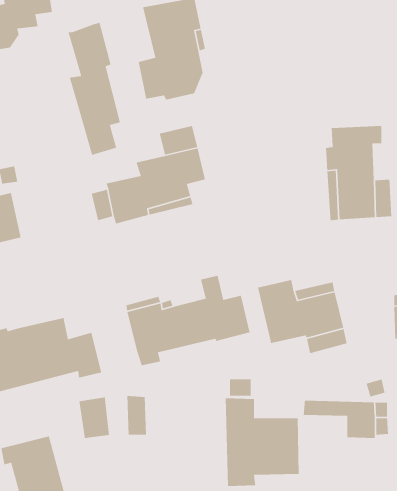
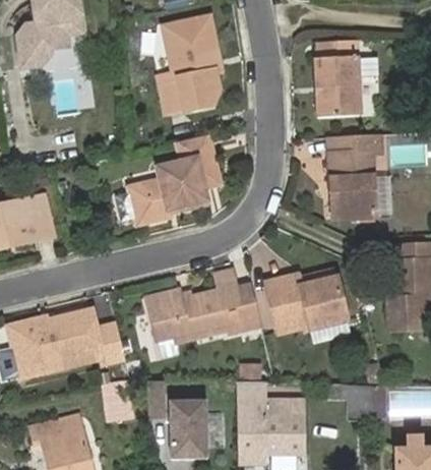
building: [67,22,121,156] -> none
building: none -> [314,39,360,116]
building: none -> [170,401,208,460]

